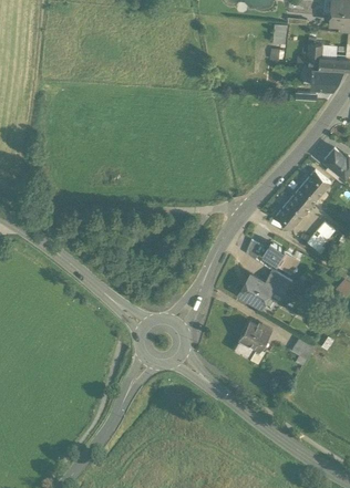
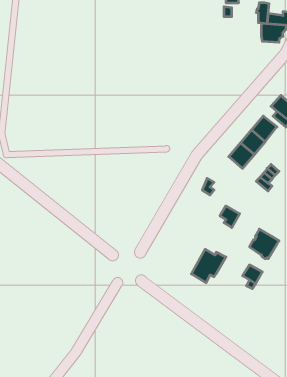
building: [265,245,296,273] -> none
building: [239,274,272,308] -> [250,229,279,259]

